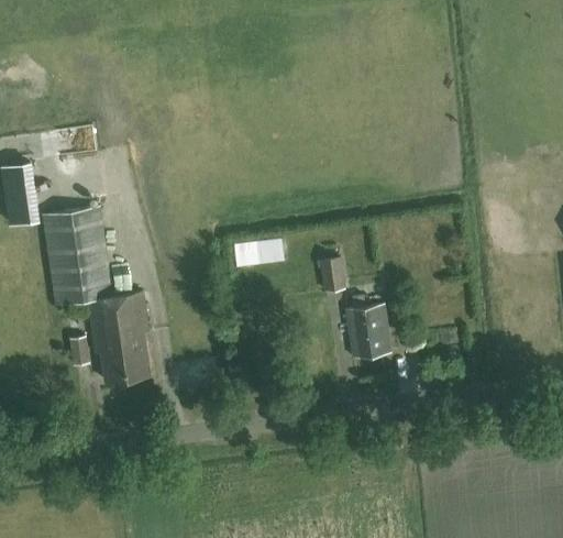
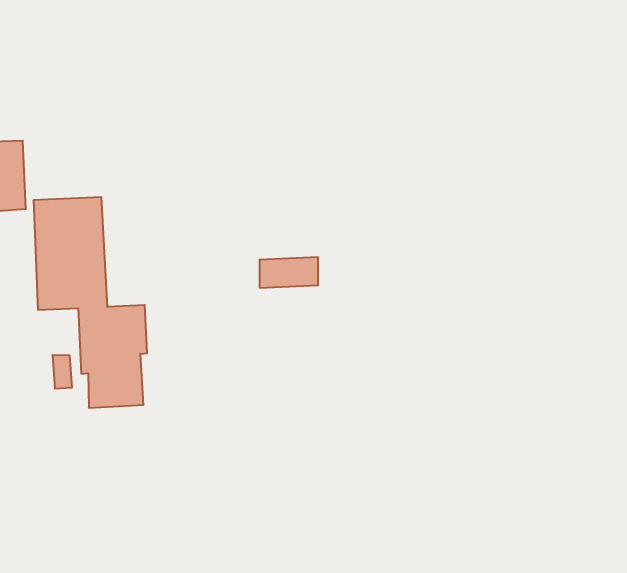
building: [320,257,345,293] -> none
building: [345,304,390,358] -> none

